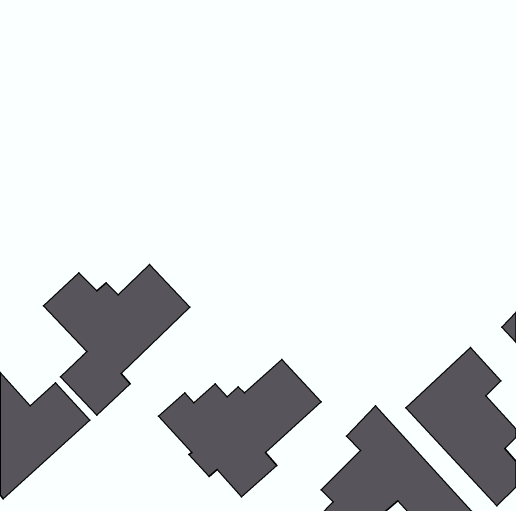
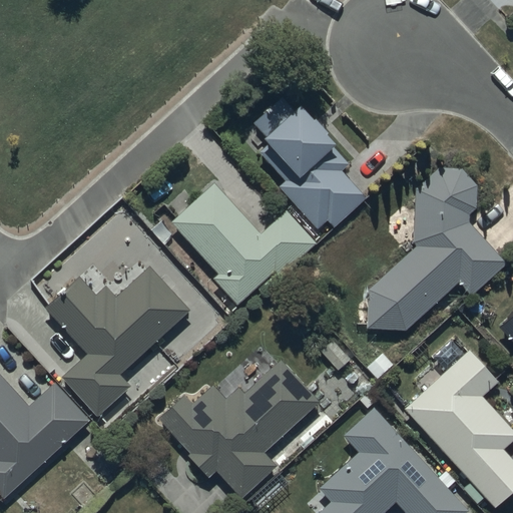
building: none -> [251,97,365,229]
building: none -> [366,167,506,330]
building: none -> [171,184,316,306]

